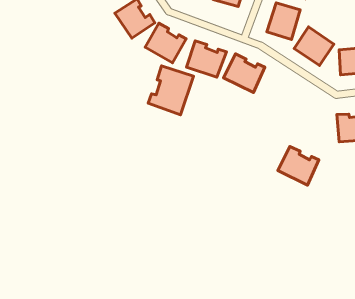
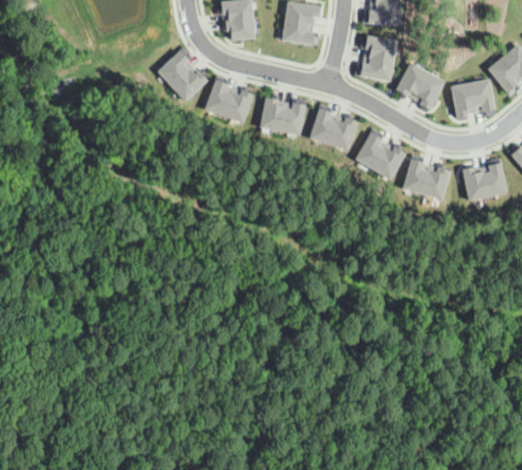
building: [148,66,193,115] -> none
building: none -> [354,129,408,182]
building: [278,146,319,185] -> [400,157,452,204]

